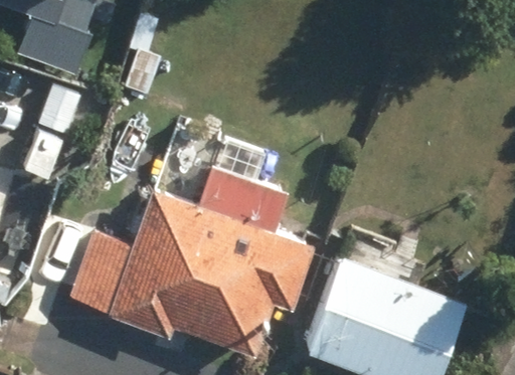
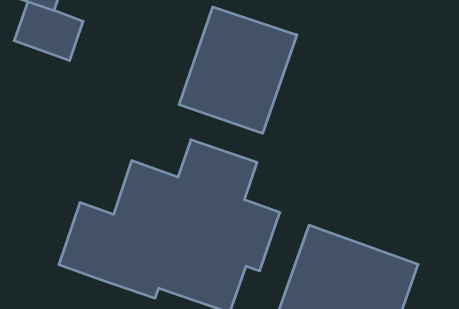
building: none -> [179,7,297,133]

